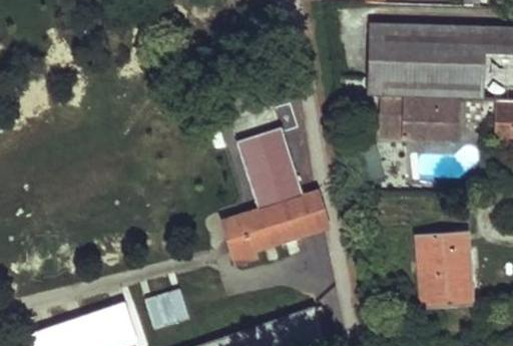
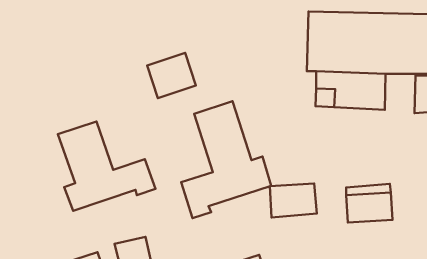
building: none -> [147,53,196,98]
building: none -> [58,121,155,211]
building: [418,268,473,308] -> [270,184,317,218]

